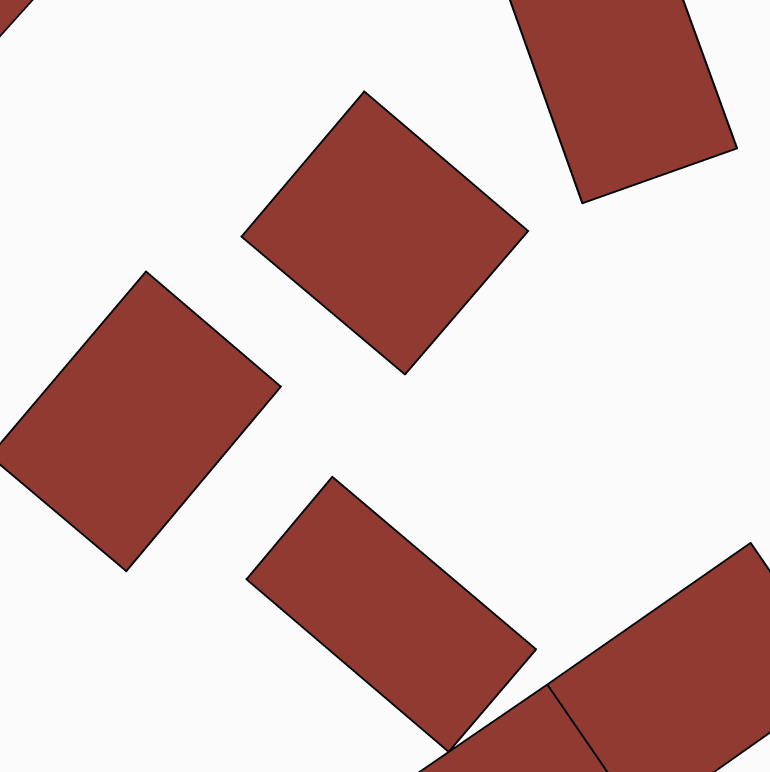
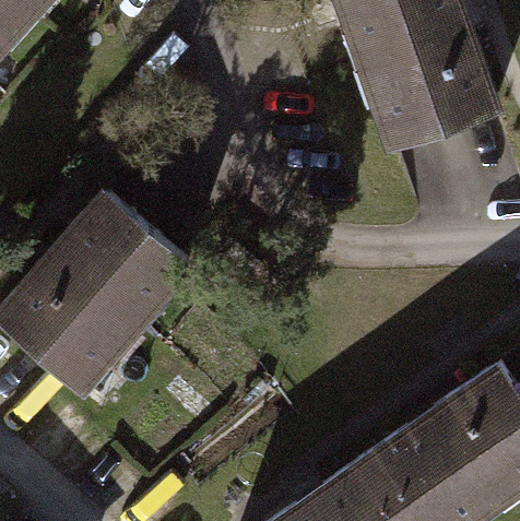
building: [241,91,528,374] -> none
building: [246,477,536,752] -> none

